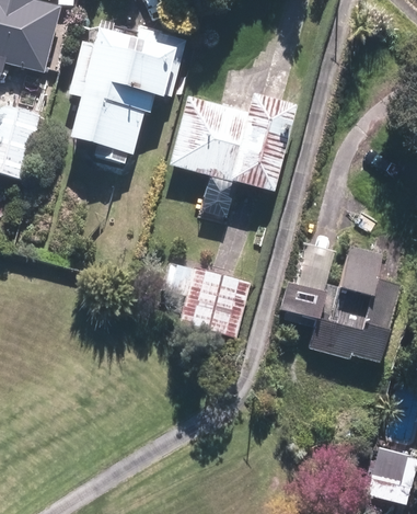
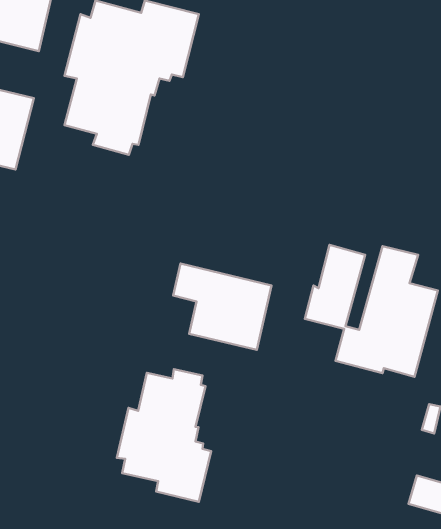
building: [167,93,296,192] -> none
building: none -> [117,369,211,502]

